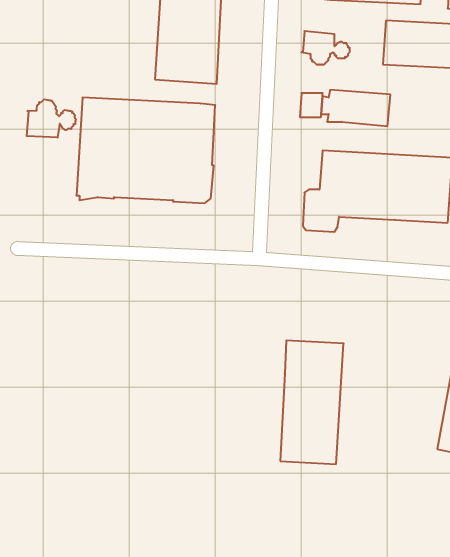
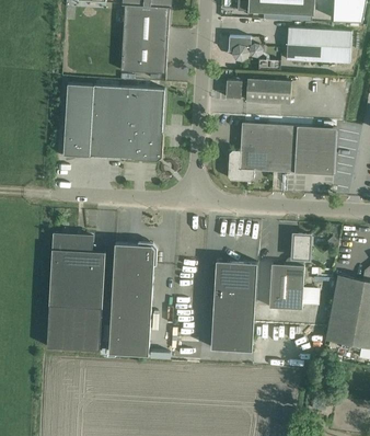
building: [27,99,76,138] -> none
building: none -> [268,233,316,309]
building: none -> [46,234,105,349]
building: none -> [108,242,154,355]

